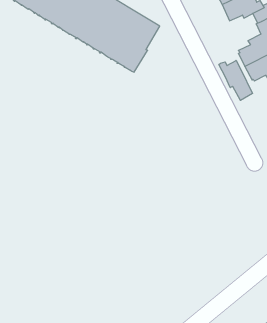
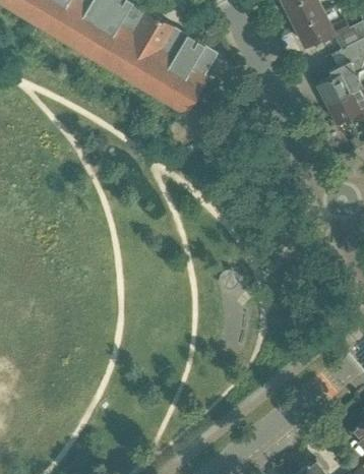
building: [219,60,253,100] -> none

